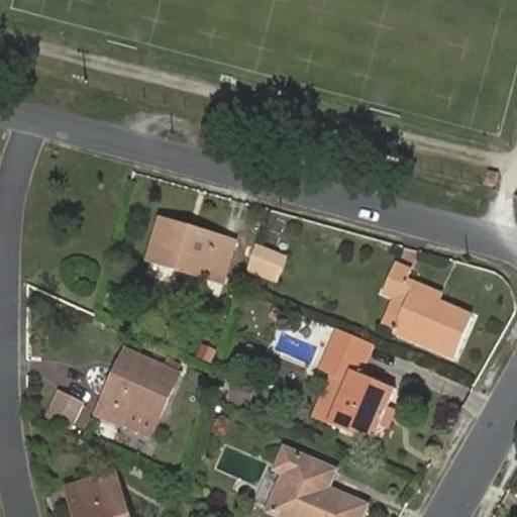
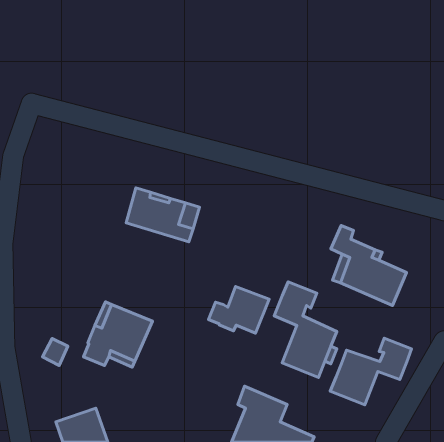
building: [245,241,288,281] -> none
building: none -> [209,287,269,333]
building: none -> [330,338,411,405]

